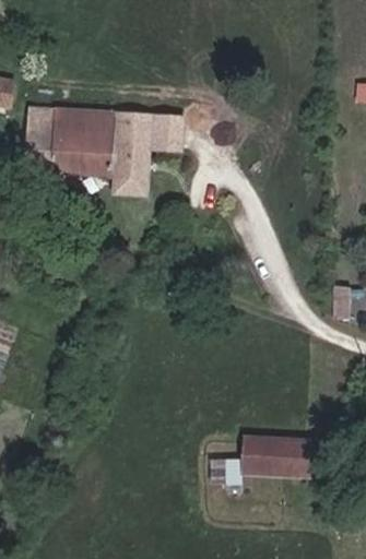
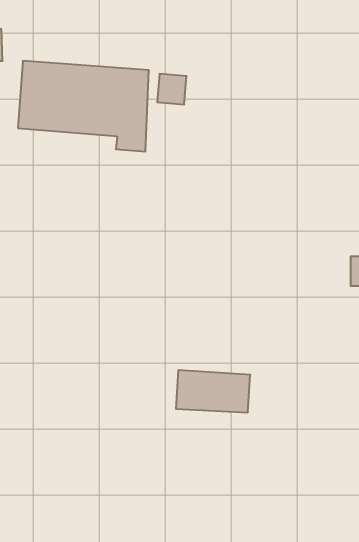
building: [244,436,312,475] -> [176,370,250,412]

